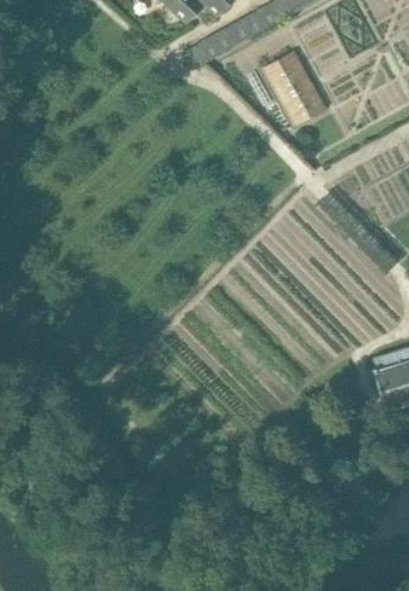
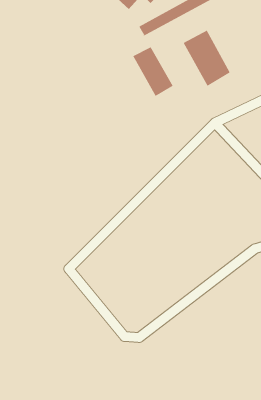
building: none -> [133,46,174,97]

